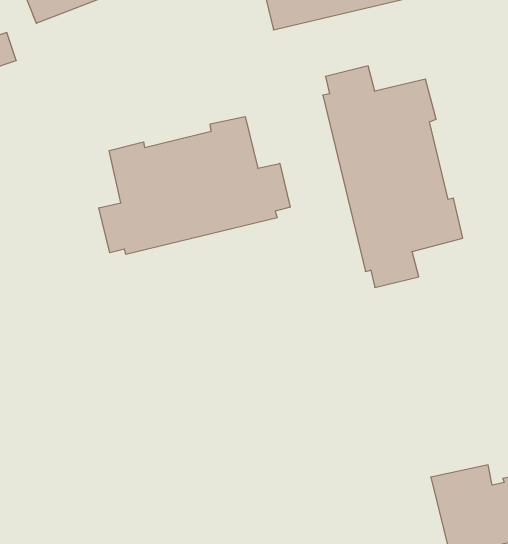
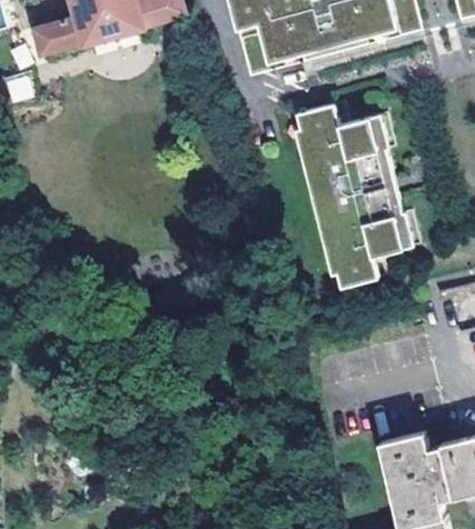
building: [99,117,290,254] -> none

